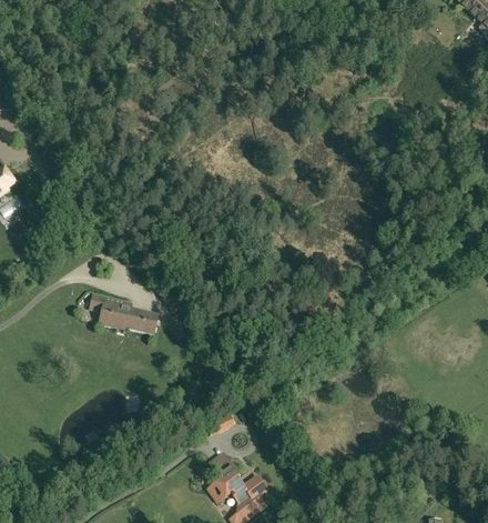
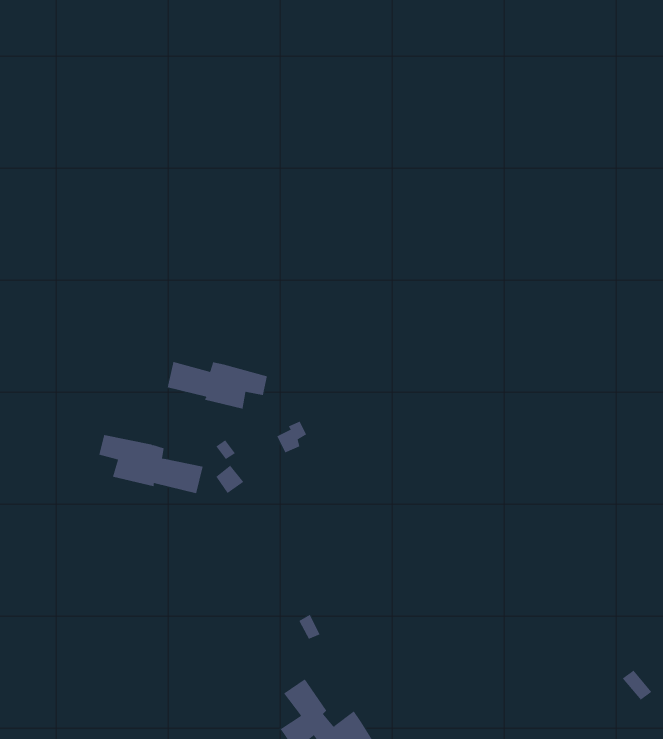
building: none -> [167,361,268,409]

